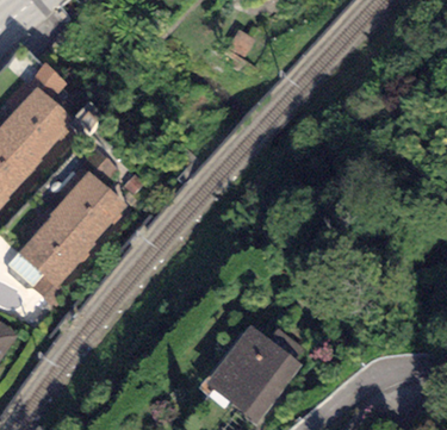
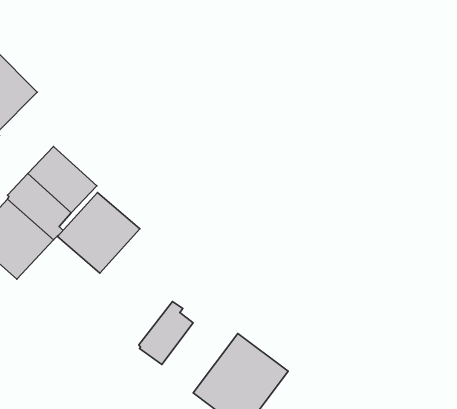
building: none -> [58,192,140,273]
building: none -> [139,301,193,365]

